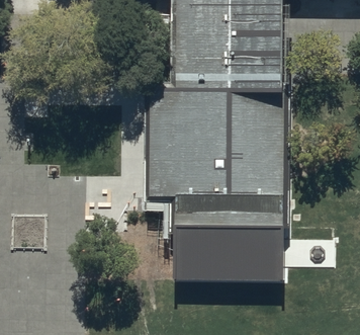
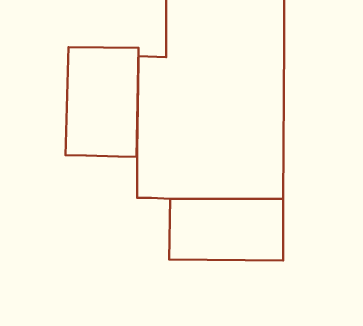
building: none -> [65,47,138,157]

